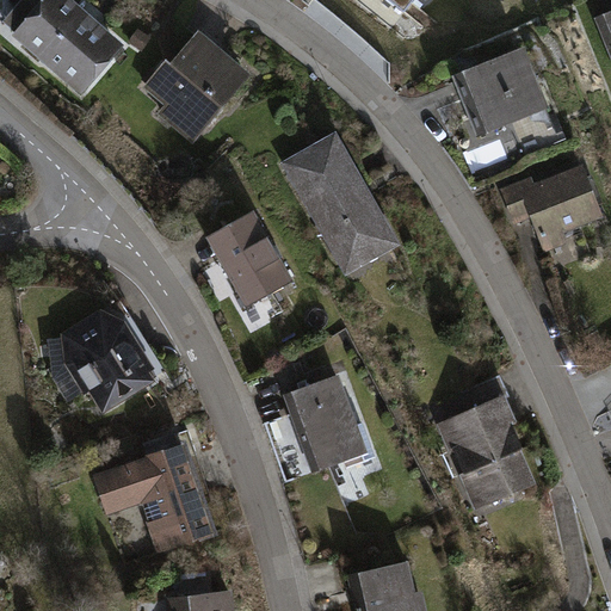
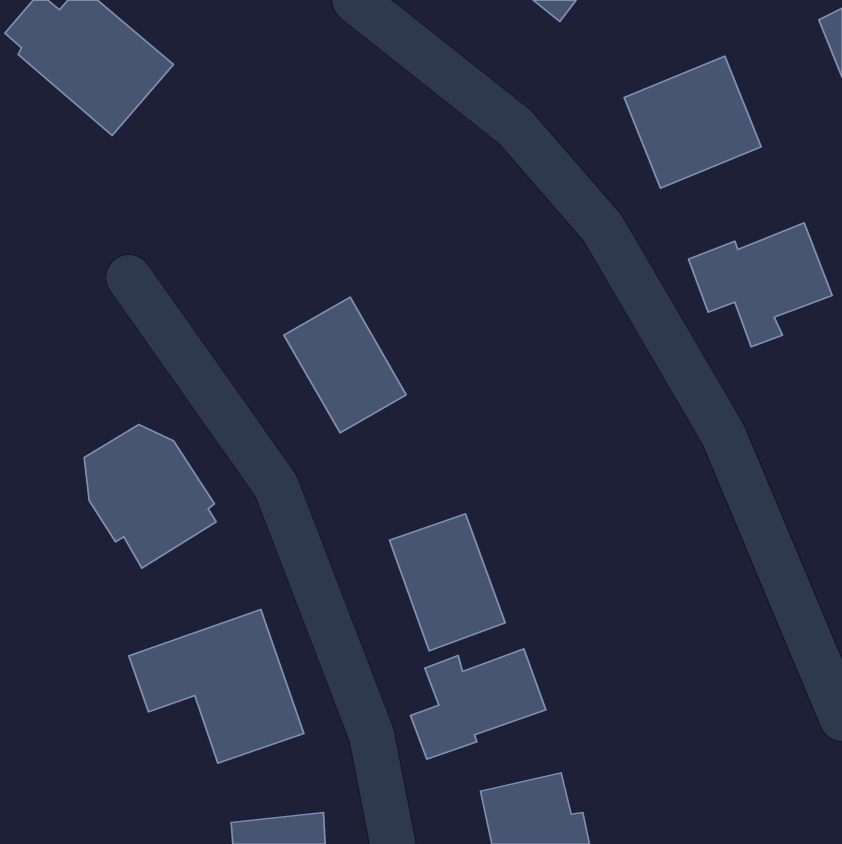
building: [142,35,249,147] -> none
building: [280,135,399,278] -> none
building: [434,393,537,508] -> none
building: none -> [411,649,546,759]

